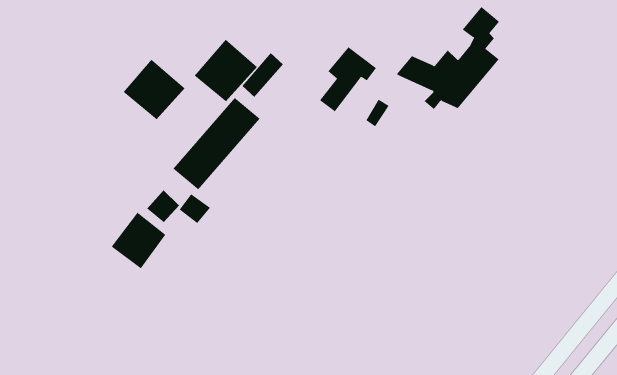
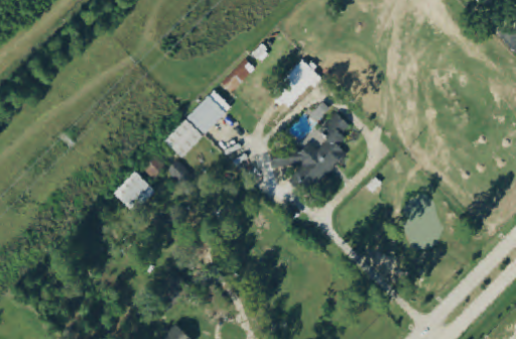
building: [396,6,500,110] -> [268,112,350,188]
building: [194,39,258,102] -> none
building: [123,59,185,120] -> none

